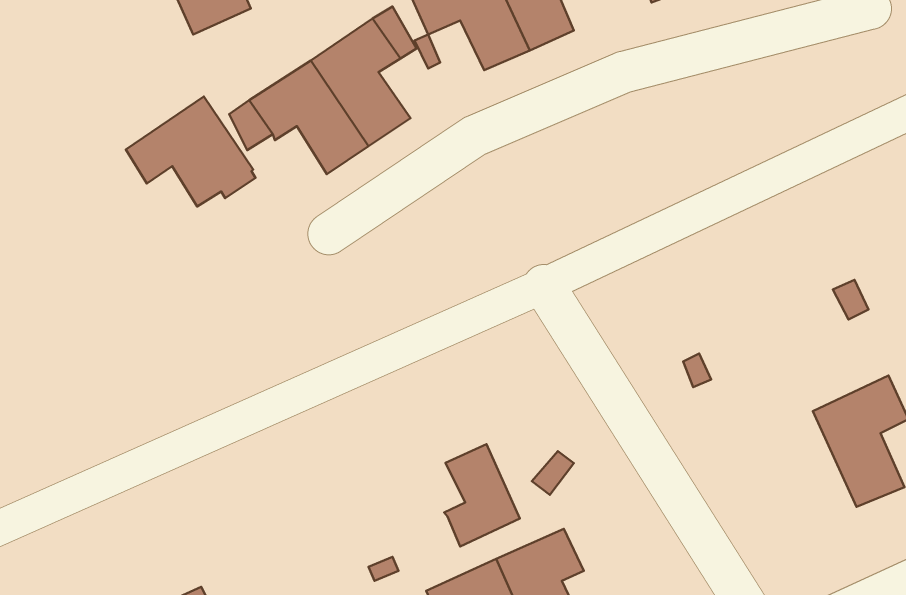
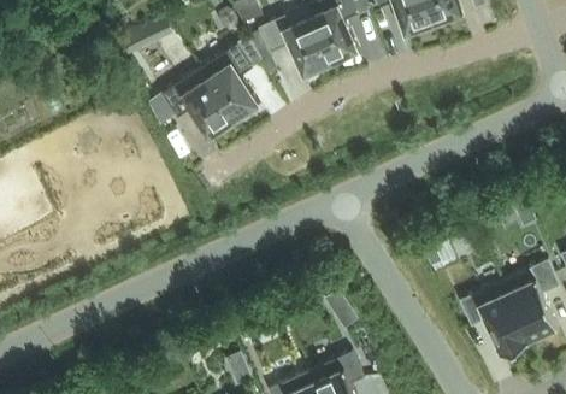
building: [126,96,255,207] -> none
building: none -> [460,282,530,354]
building: [444,444,520,547] -> none

